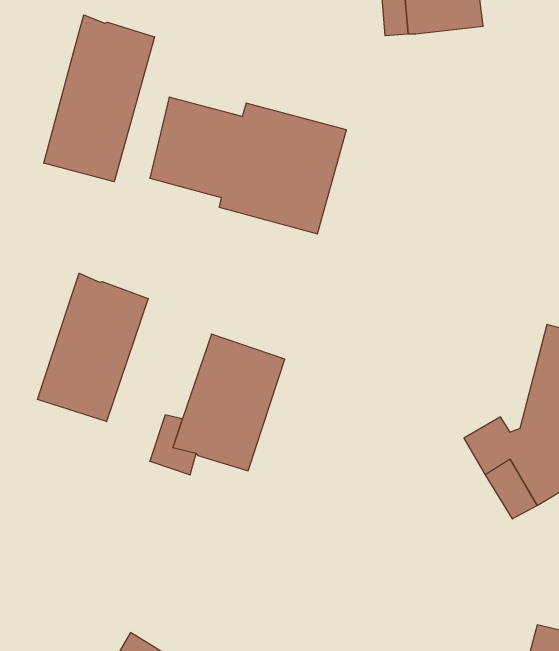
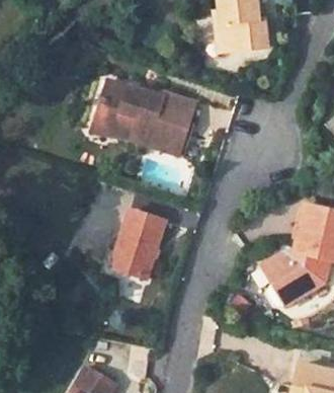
building: [44,15,155,182] -> none
building: [38,273,148,422] -> none

